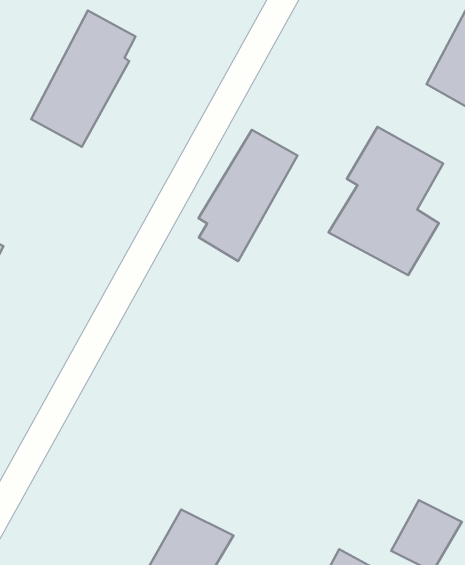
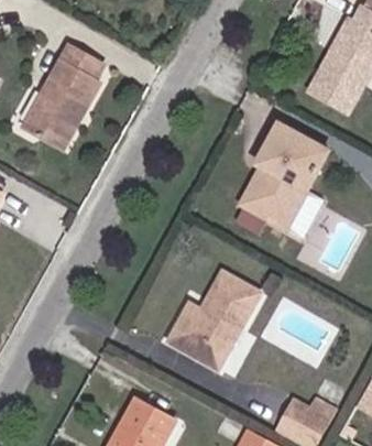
building: [199,130,297,261] -> none
building: none -> [169,273,258,365]

